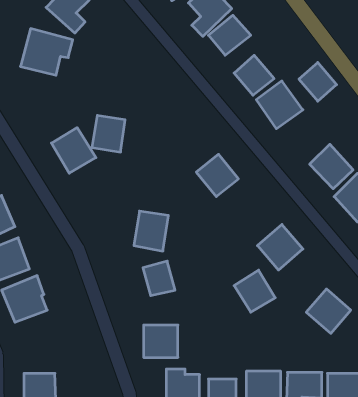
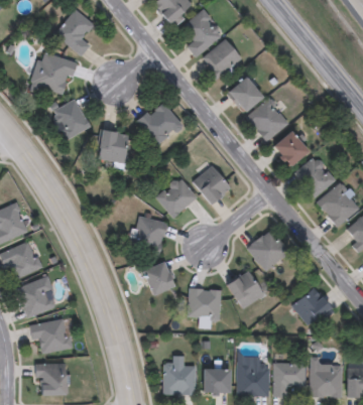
building: [299,62,337,101] -> [272,131,307,166]
building: none -> [138,101,183,145]
building: [51,128,96,173] -> [51,99,92,140]
building: none -> [156,176,197,217]
building: none -> [28,318,71,353]
building: [144,325,178,357] -> [189,289,220,318]

